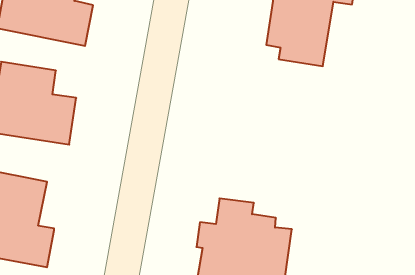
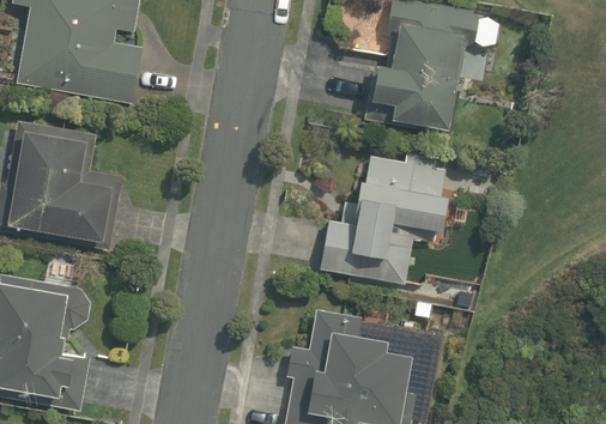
building: none -> [325,152,454,283]

